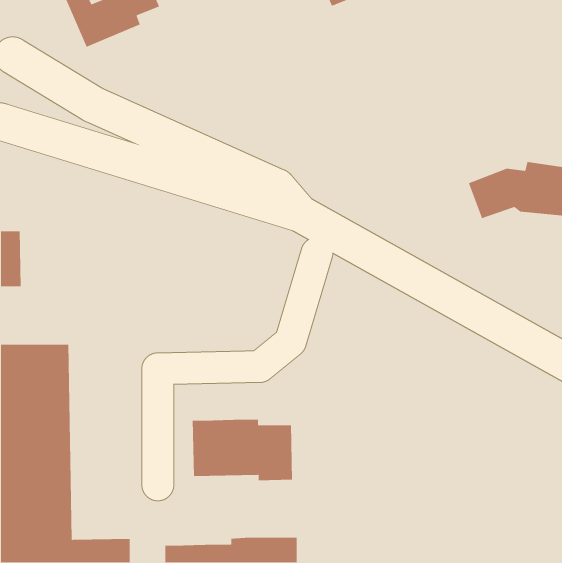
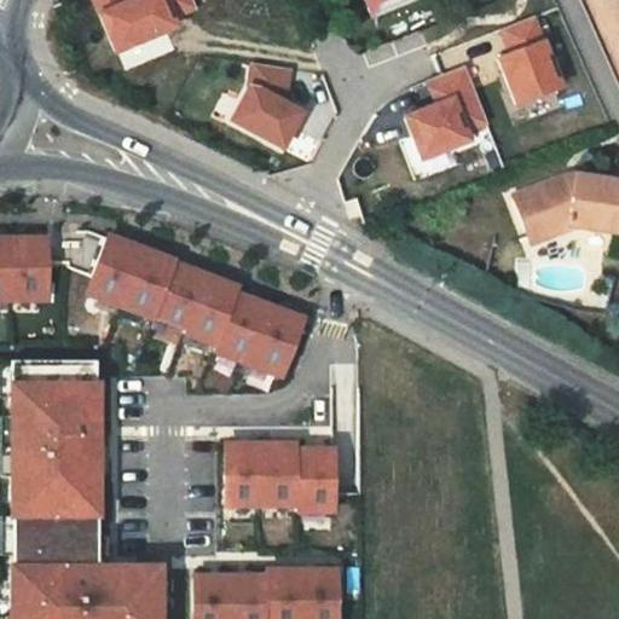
building: none -> [503,15,563,102]
building: none -> [226,65,295,150]
building: none -> [404,66,485,157]
building: none -> [83,242,300,377]

